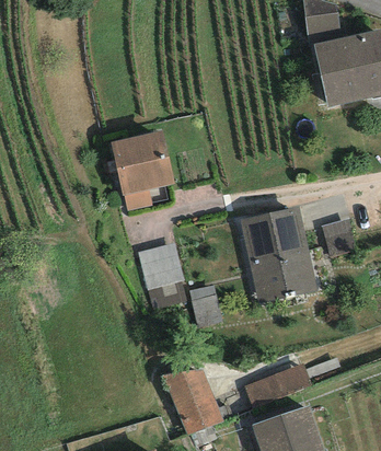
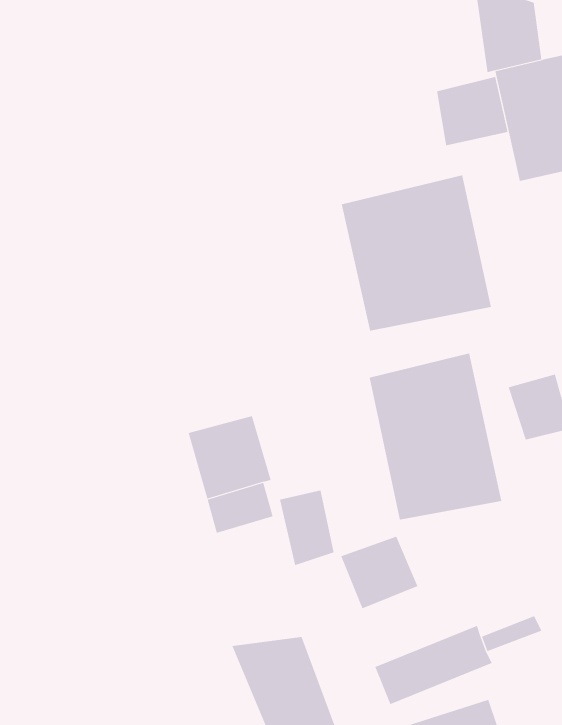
building: none -> [437,76,508,146]
building: none -> [341,174,492,332]
building: [111,130,174,195] -> none
building: none -> [341,536,418,609]

